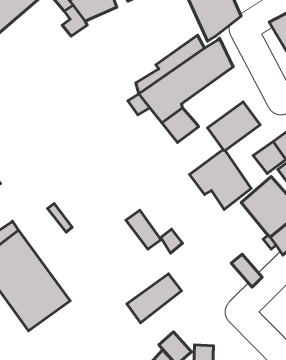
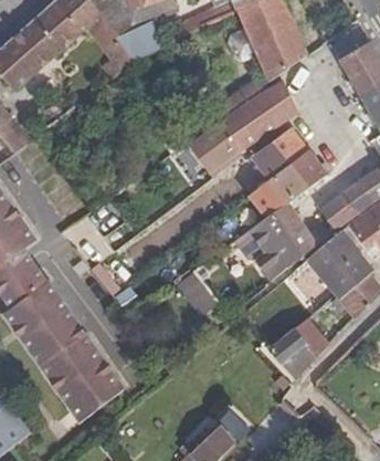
building: none -> [251,125,308,178]
building: none -> [270,328,318,378]
building: [127,274,181,323] -> [70,370,130,425]

